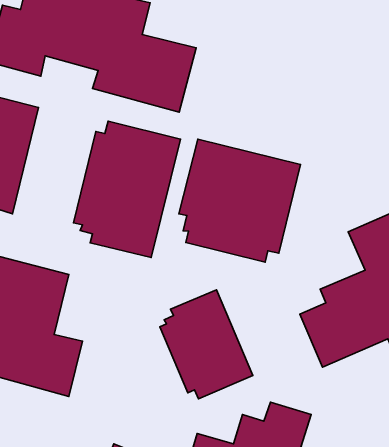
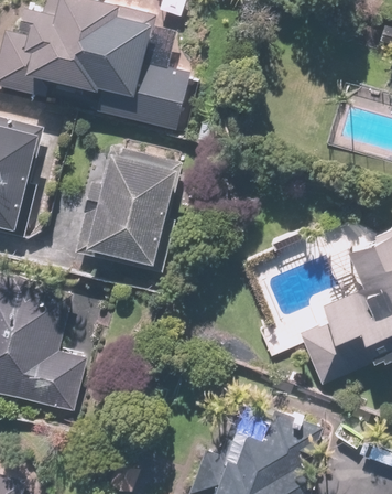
building: [179,139,301,262] -> none
building: [160,290,253,399] -> none

